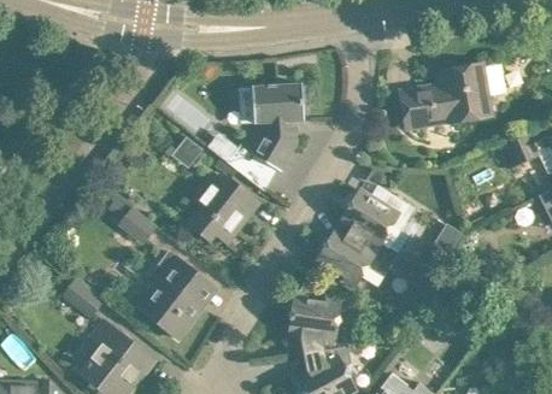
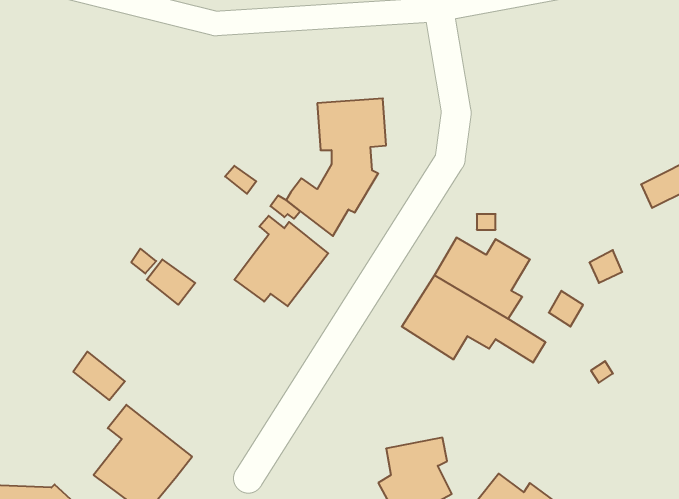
building: [399,64,503,128] -> none
building: [141,251,215,339] -> none
building: [287,296,346,353] -> none

